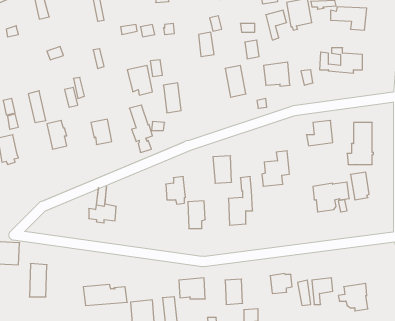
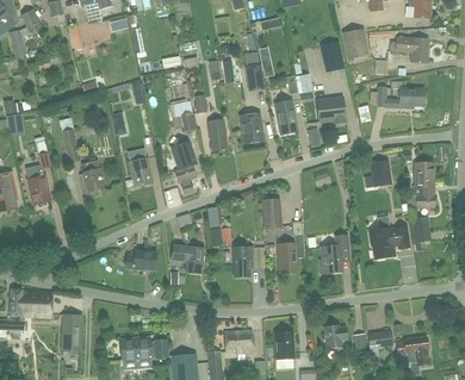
building: none -> [240,113,262,143]
building: [262,151,289,186] -> [318,236,348,274]
building: none -> [172,245,203,273]

